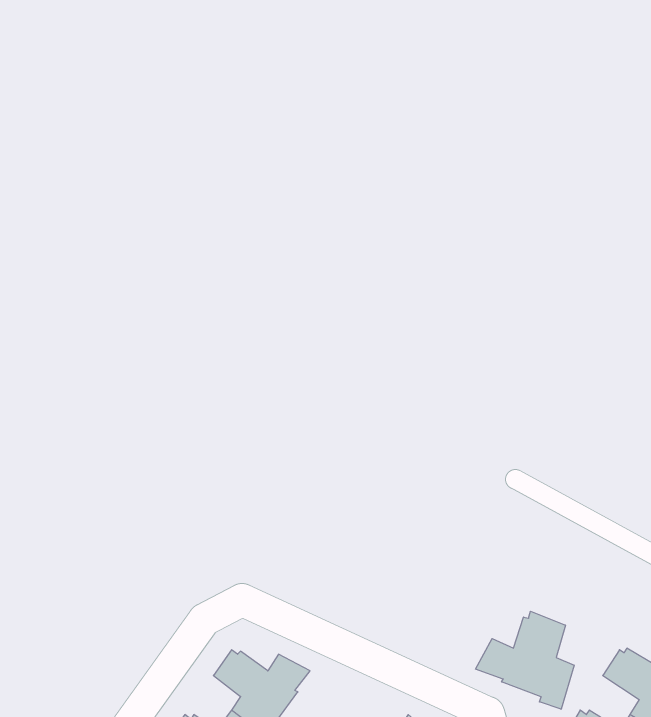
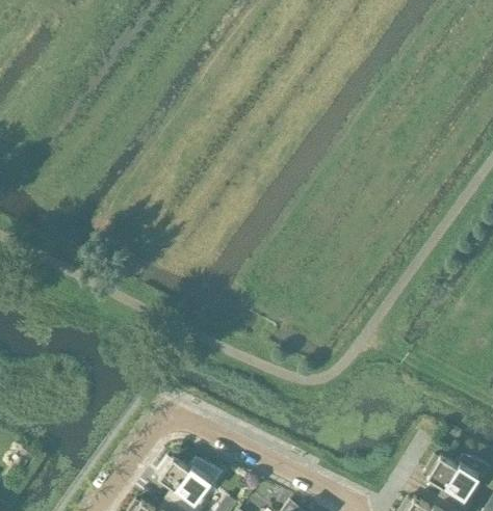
building: [476,611,574,709] -> none

